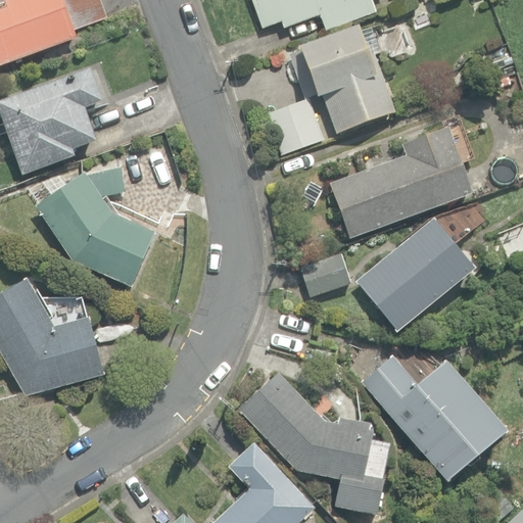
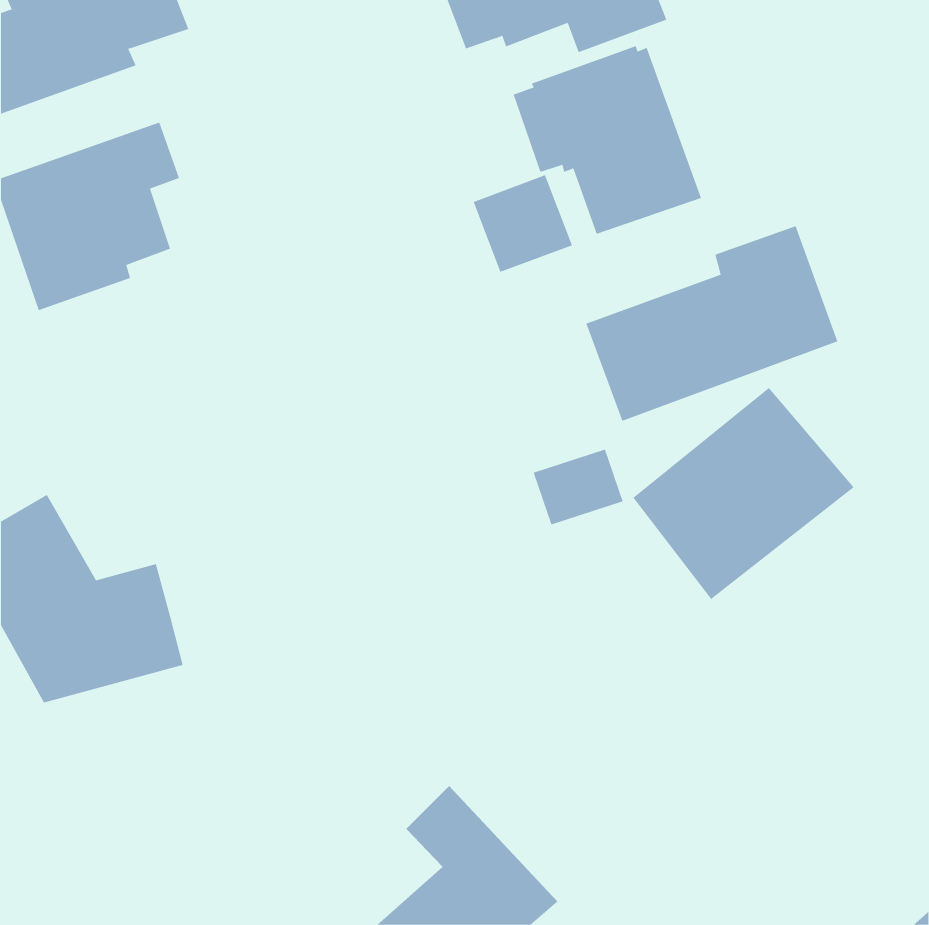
building: [35,159,155,286] -> none
building: [360,353,517,492] -> none
building: [238,371,388,513] -> none

